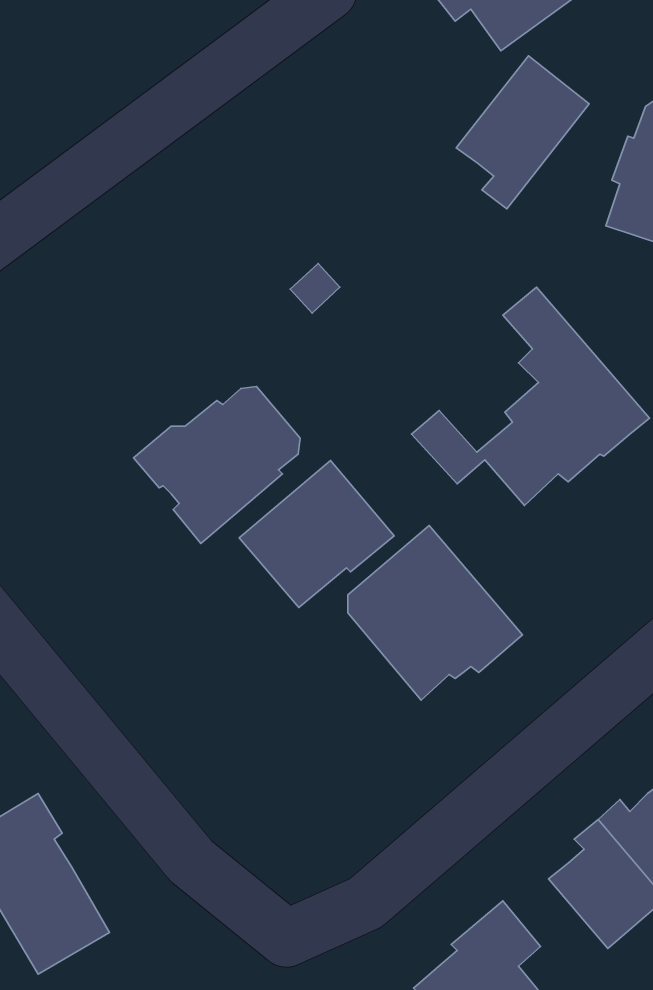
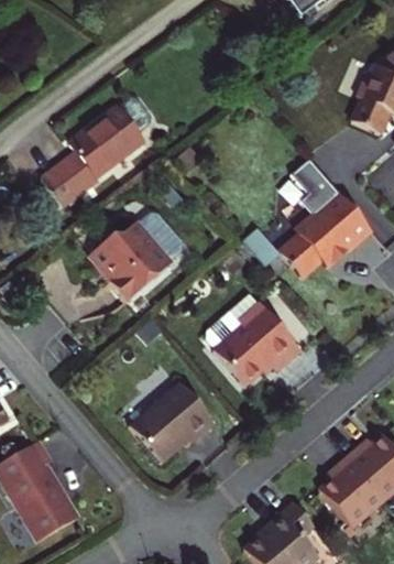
building: [456,56,589,209] -> none
building: none -> [40,96,152,207]
building: [239,461,394,607] -> [130,381,216,463]

